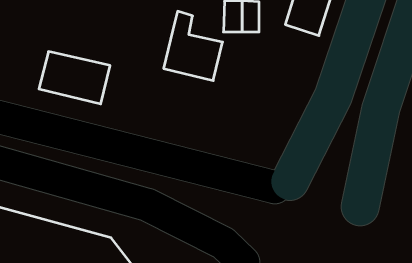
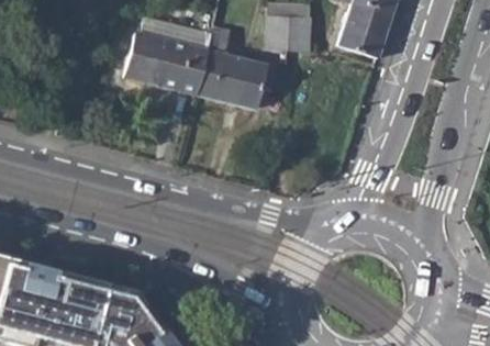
building: [39,52,110,104] -> [125,32,209,93]

